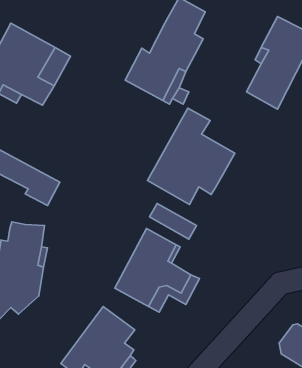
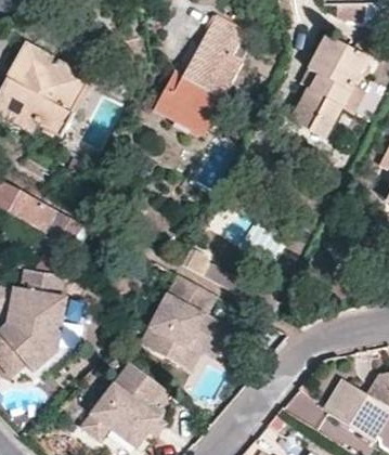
building: [148,108,235,205] -> none

